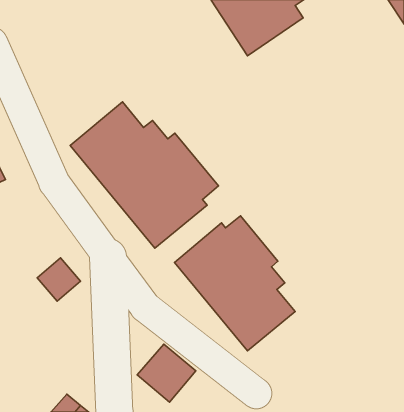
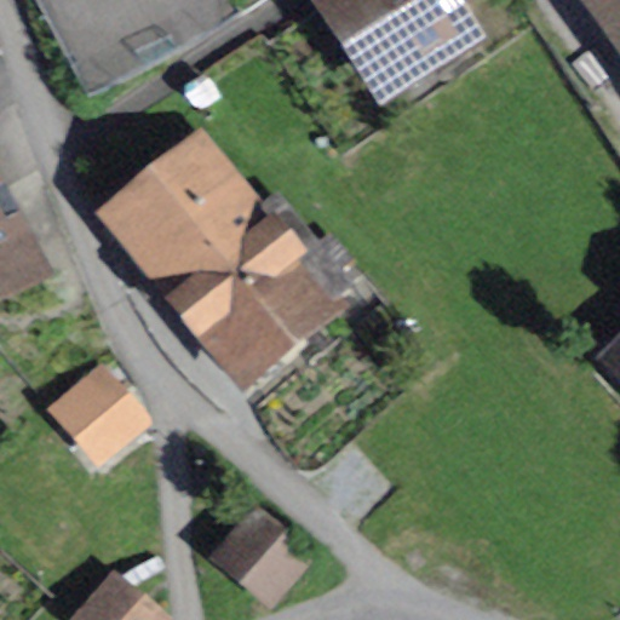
building: [174,216,295,351] -> none

